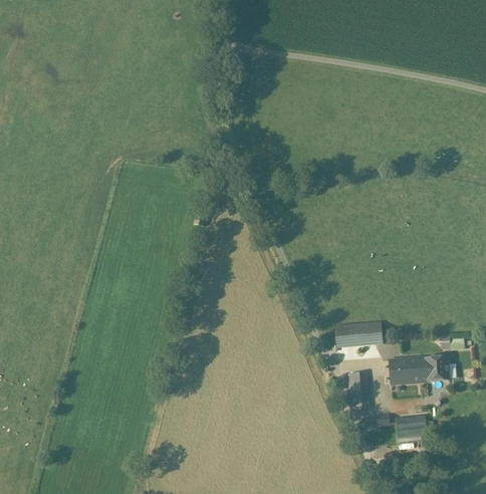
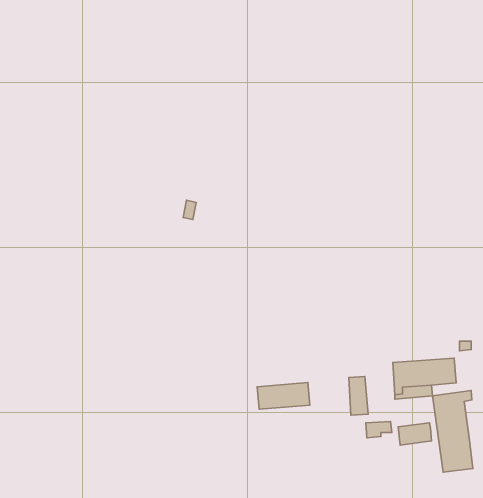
building: [333,320,383,345] -> [257,382,310,409]
building: none -> [433,390,473,472]

